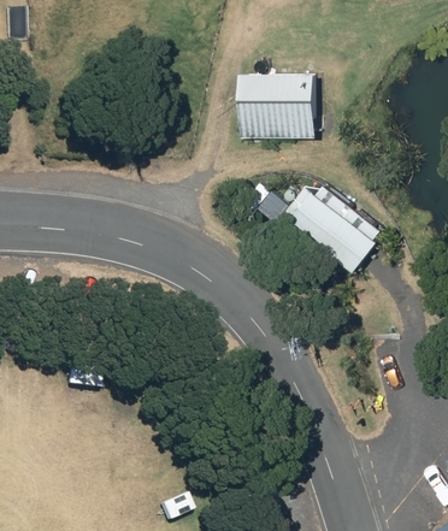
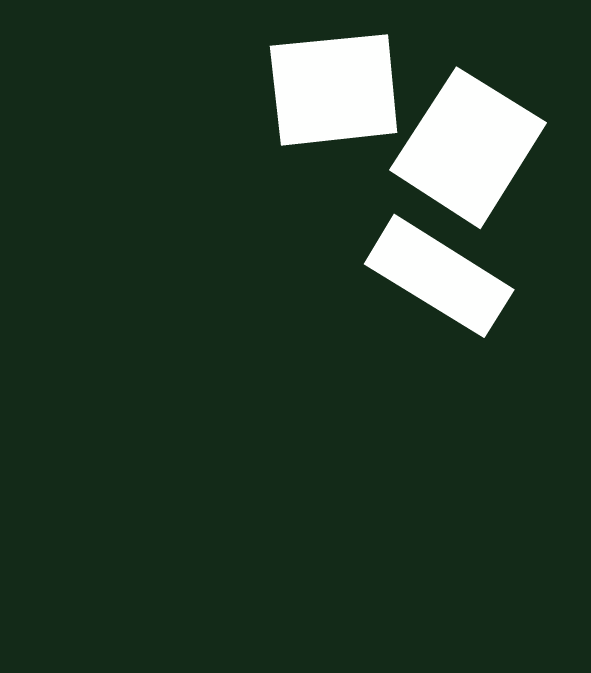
building: none -> [388,65,548,231]

